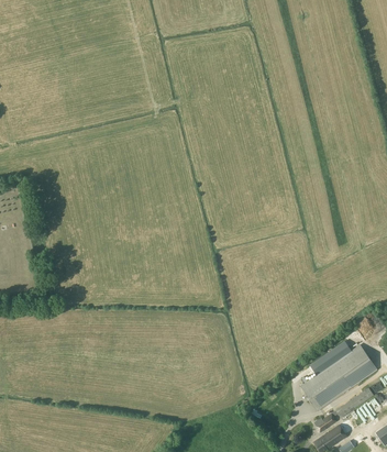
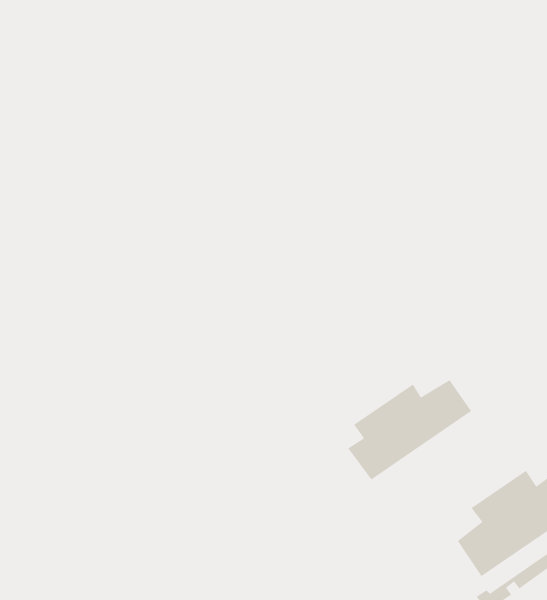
building: none -> [347,379,472,480]

